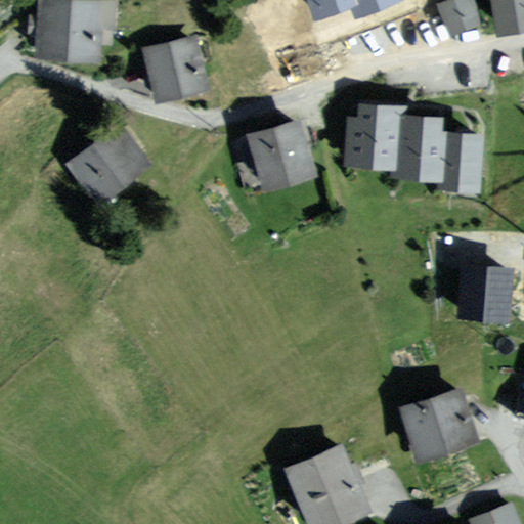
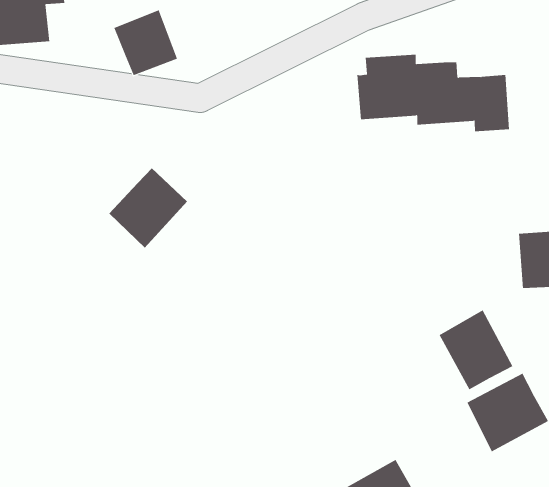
building: [231,123,311,188] -> none
building: [75,130,143,198] -> [109,168,188,248]
building: none -> [439,309,513,390]

